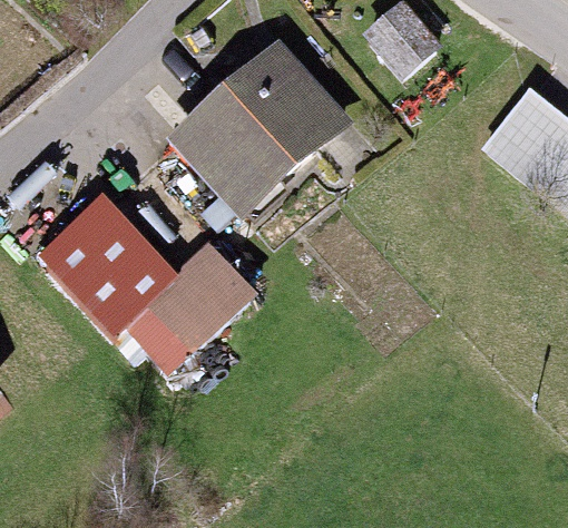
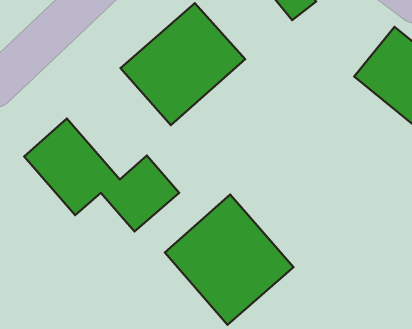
building: none -> [165,195,294,325]

